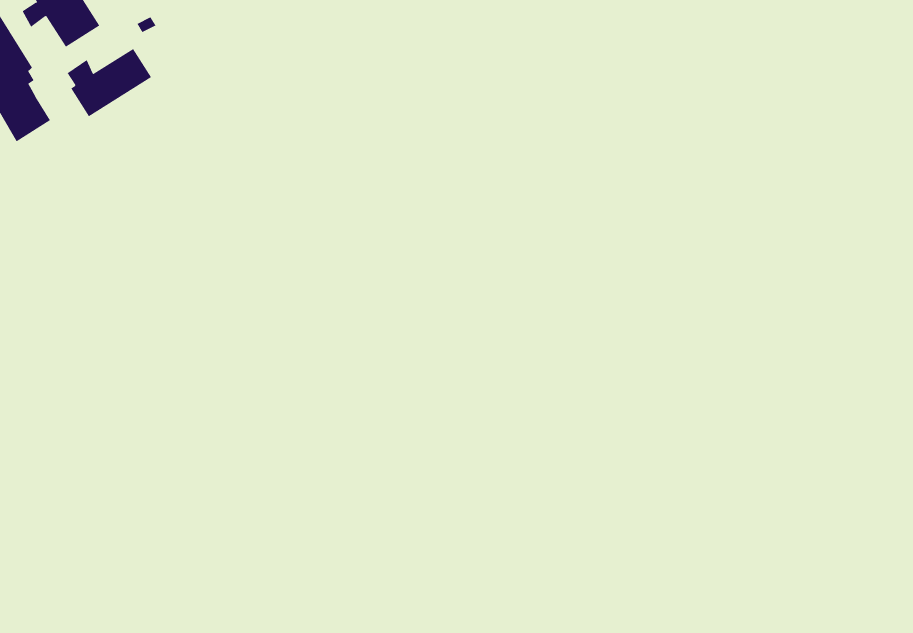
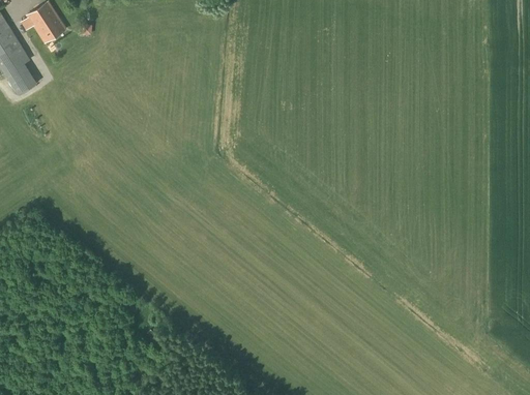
building: [67,48,152,117] -> none

